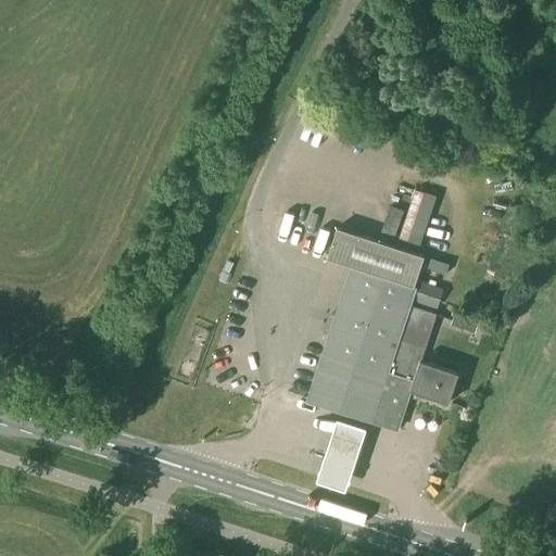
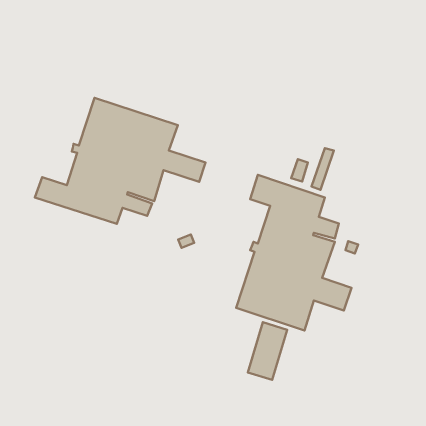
building: none -> [35,98,206,224]

